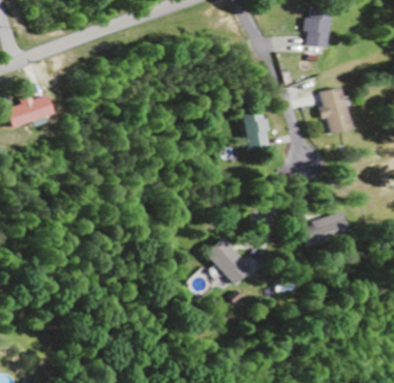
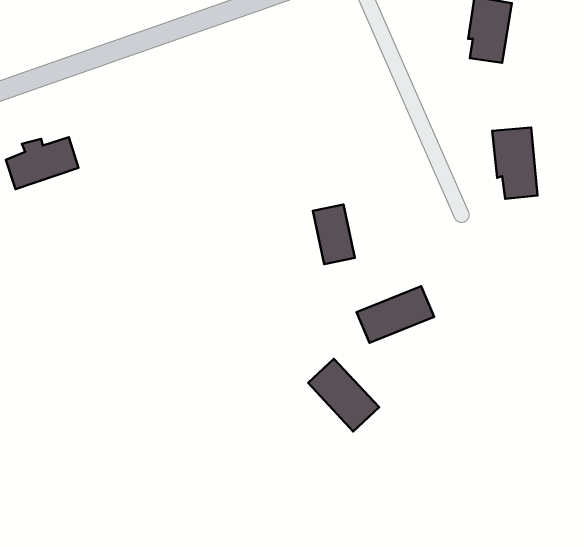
building: [247,113,274,151] -> [313,204,355,264]
building: [296,212,345,248] -> [357,286,434,343]

